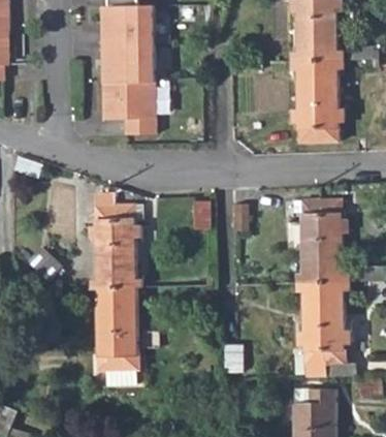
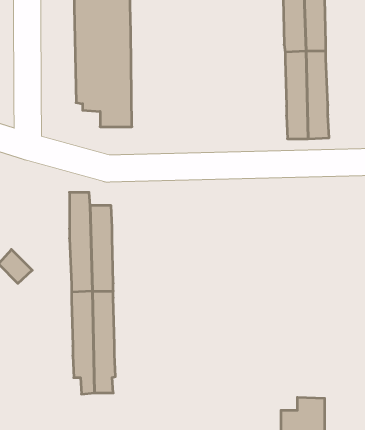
building: [295,201,351,364] -> none

